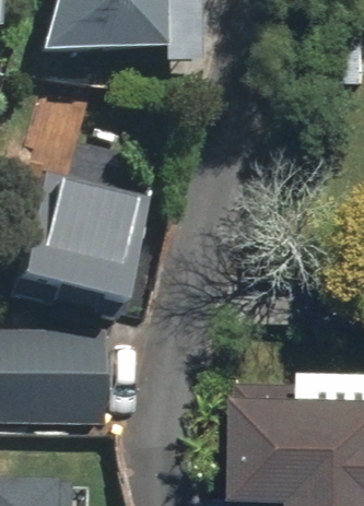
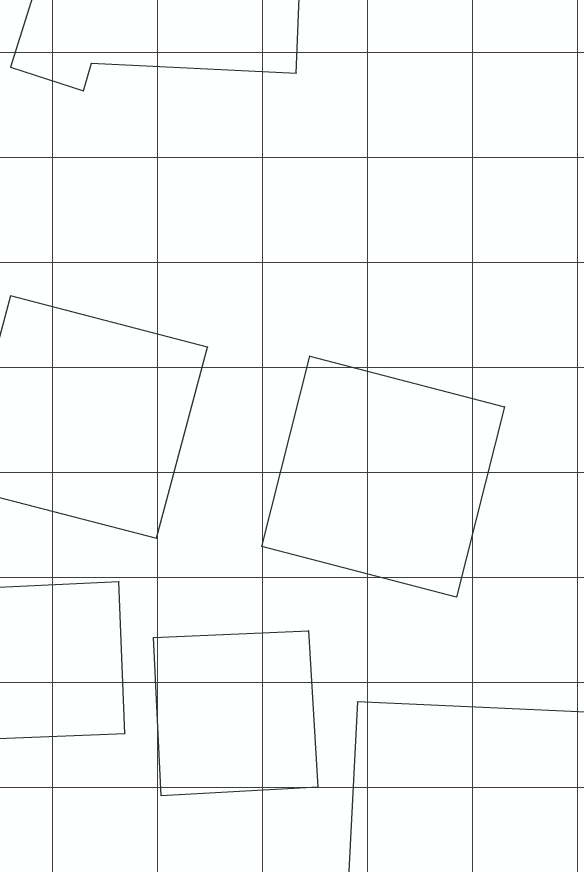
building: none -> [262,356,504,597]
building: none -> [153,631,318,796]

